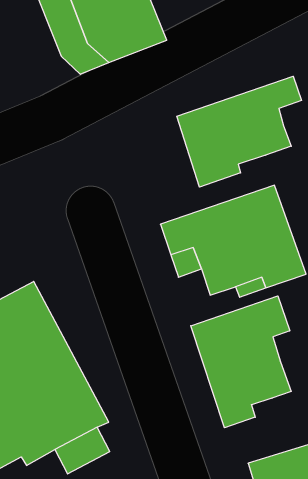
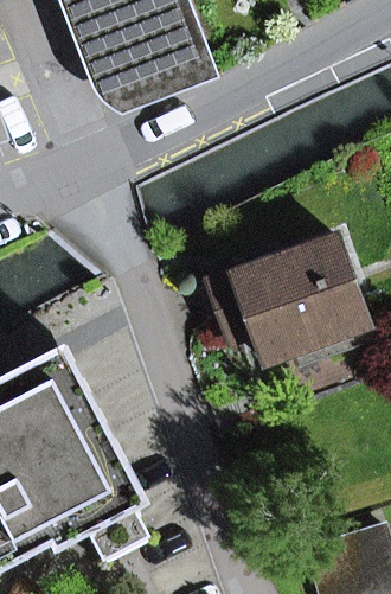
building: [177,76,301,187] -> none
building: [191,296,291,428] -> none

